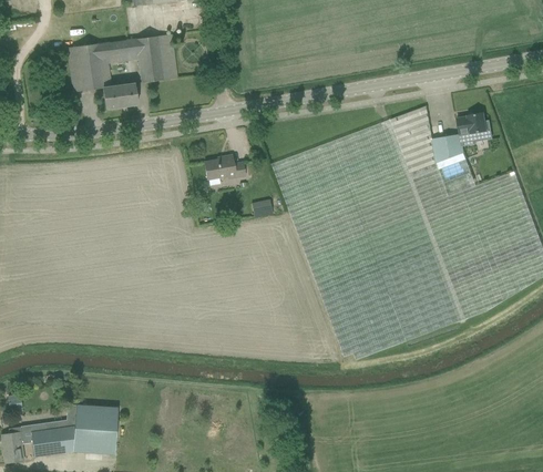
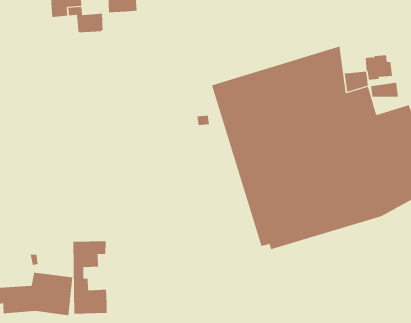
building: none -> [371,82,398,98]
building: [204,155,245,179] -> none
building: none -> [73,240,107,314]

